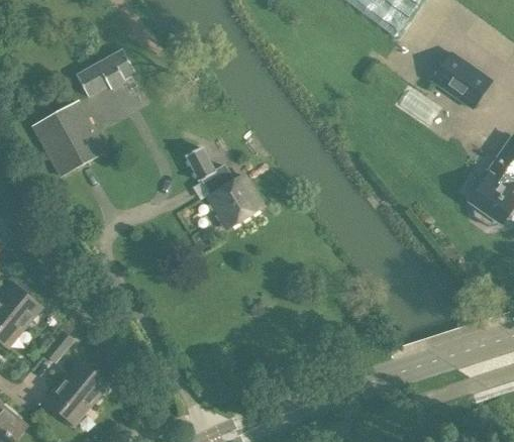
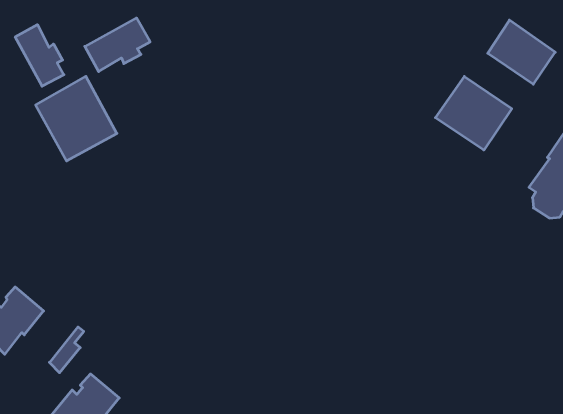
building: none -> [15,25,64,86]
building: none -> [435,76,512,150]
building: [185,145,263,227] -> none

